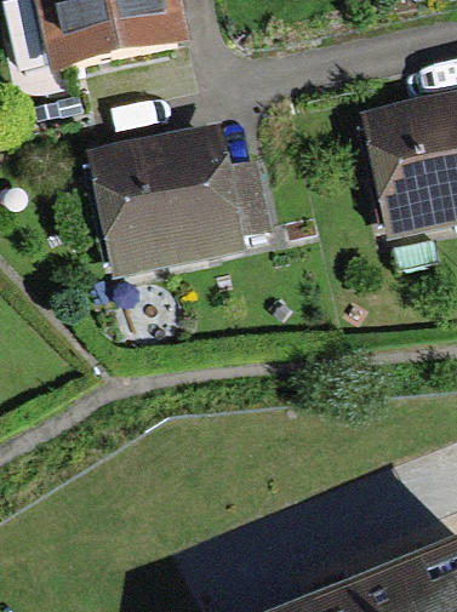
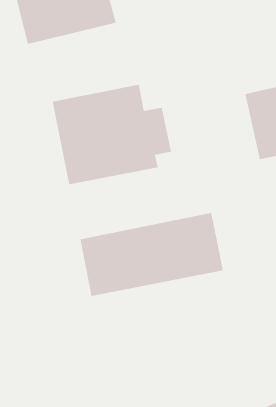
building: none -> [80,212,223,297]

